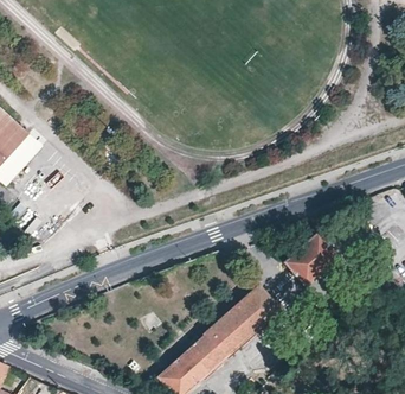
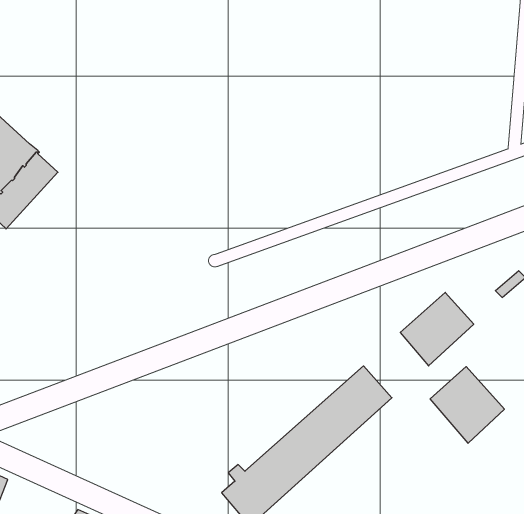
building: none -> [430,367,504,443]

